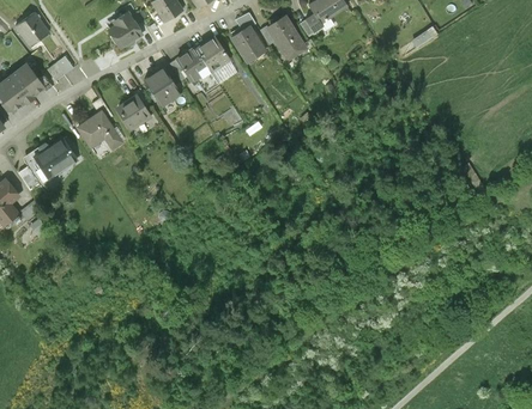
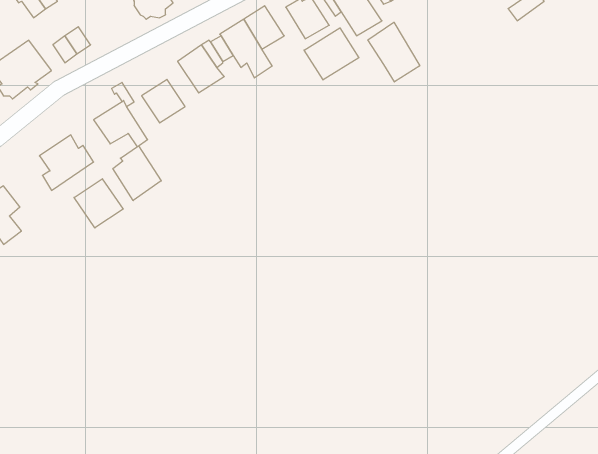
building: none -> [368,22,420,82]
building: none -> [304,28,359,80]
building: none -> [113,146,161,201]
building: none -> [74,179,123,228]

